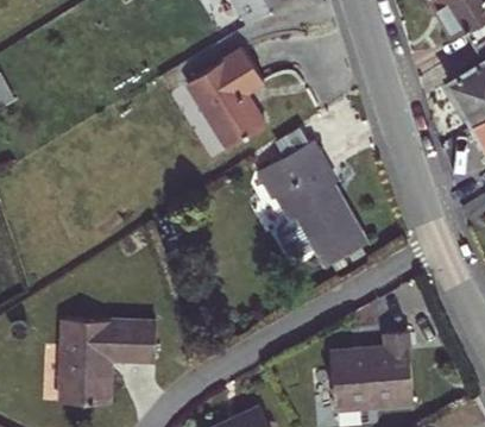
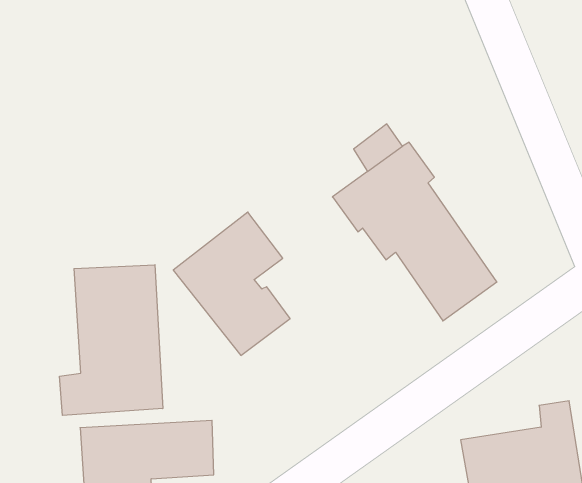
building: [188,46,266,146] -> [173,212,290,355]
building: none -> [60,265,163,415]

